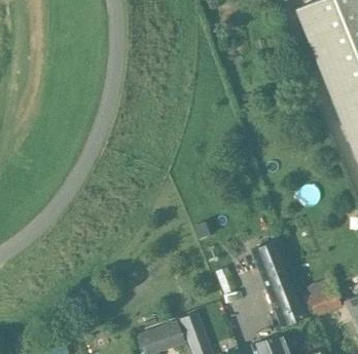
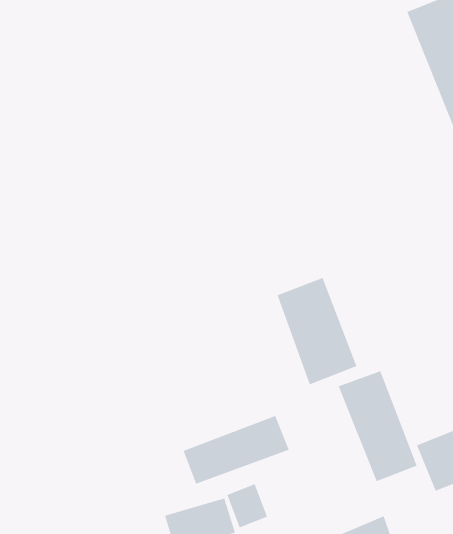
building: none -> [277,277,357,385]
building: none -> [183,415,289,485]

